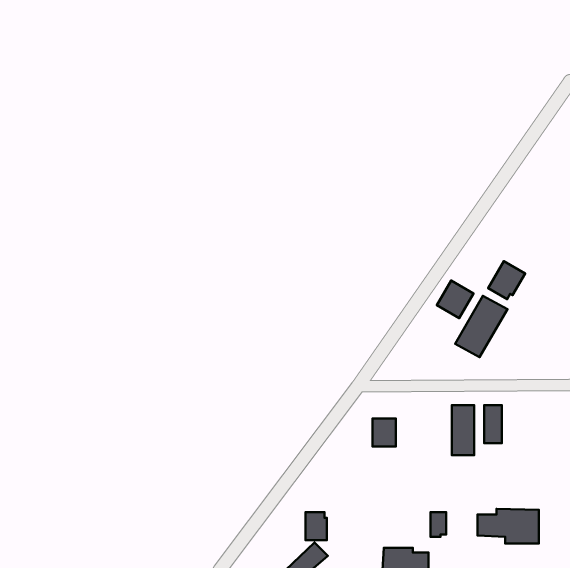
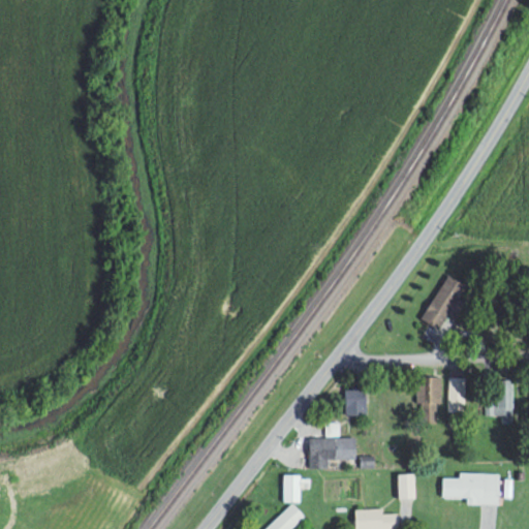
building: [488,261,525,299] -> none
building: [437,280,474,318] -> none
building: none -> [486,381,512,415]
building: none -> [309,438,356,469]

